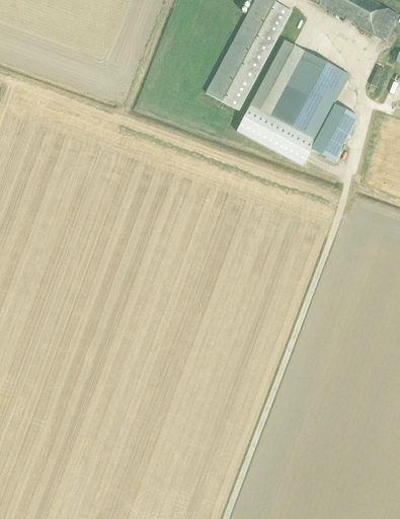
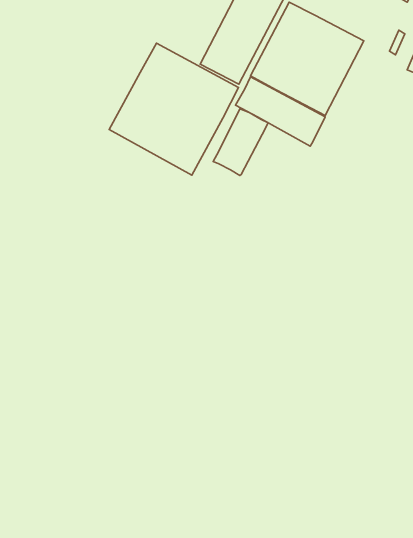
building: none -> [109,43,239,175]
building: [310,102,357,160] -> [213,109,268,176]

